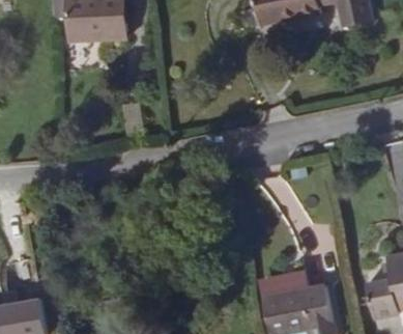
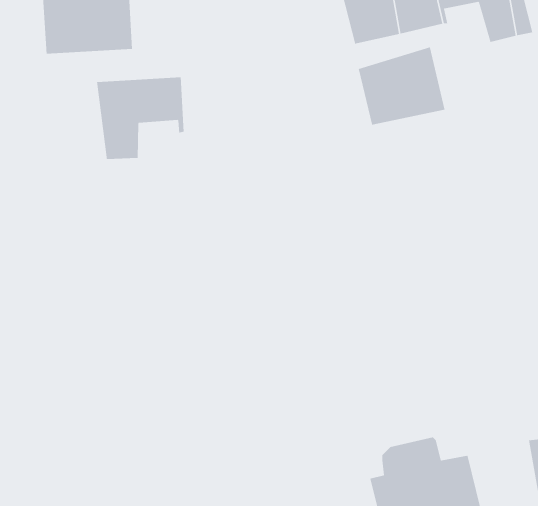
building: none -> [358,47,445,125]
building: none -> [97,77,184,160]

